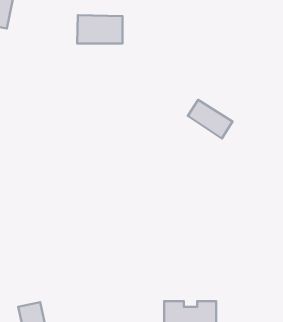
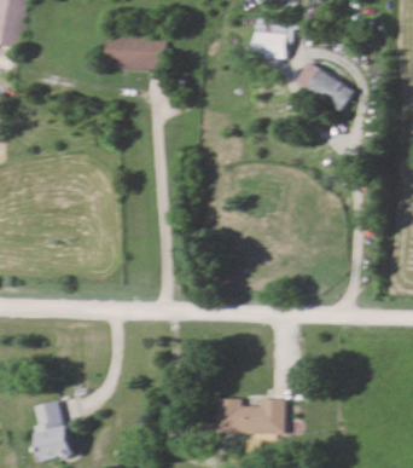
building: none -> [255,19,289,60]
building: [188,100,232,139] -> [296,64,353,114]

